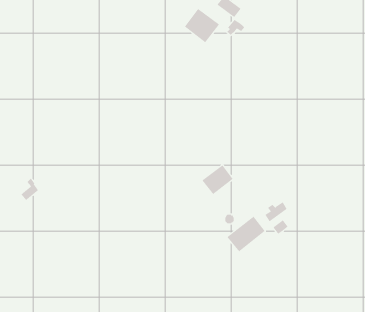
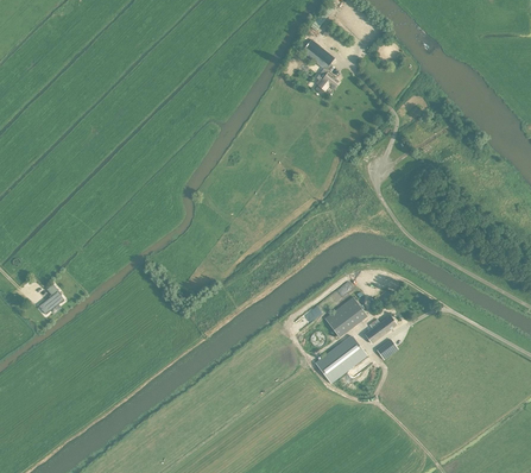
building: [184,8,220,43] -> none
building: [201,164,233,195] -> [324,295,367,335]

